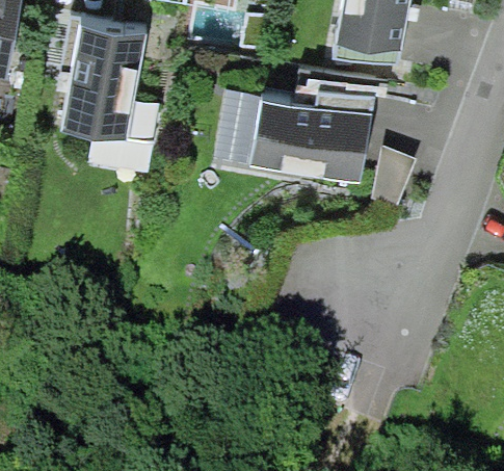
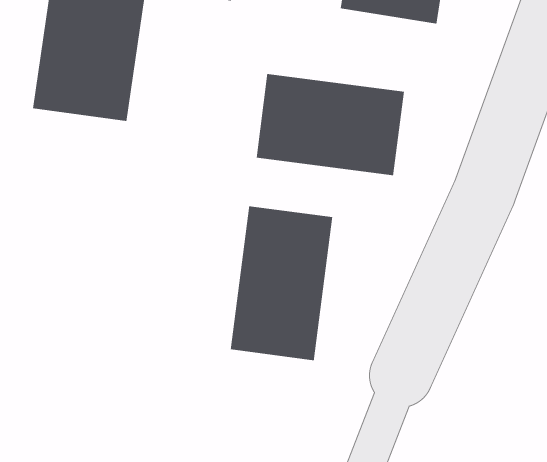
building: none -> [230,205,333,361]

